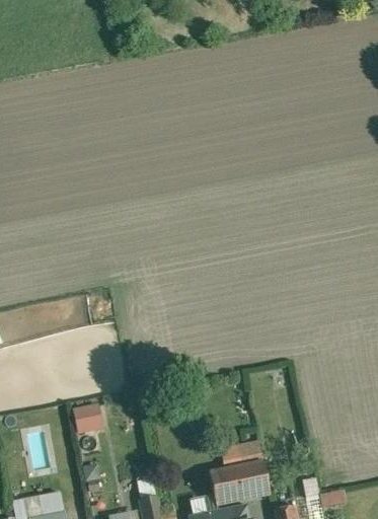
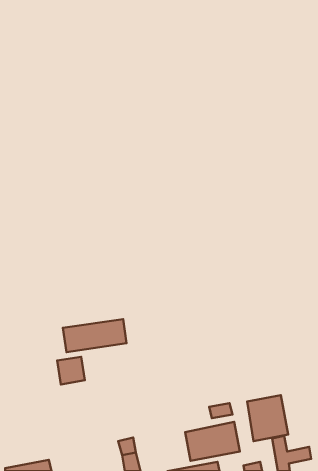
building: none -> [63,319,127,352]
building: none -> [247,395,288,441]

